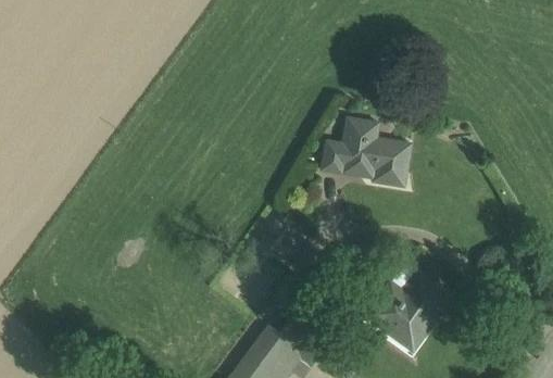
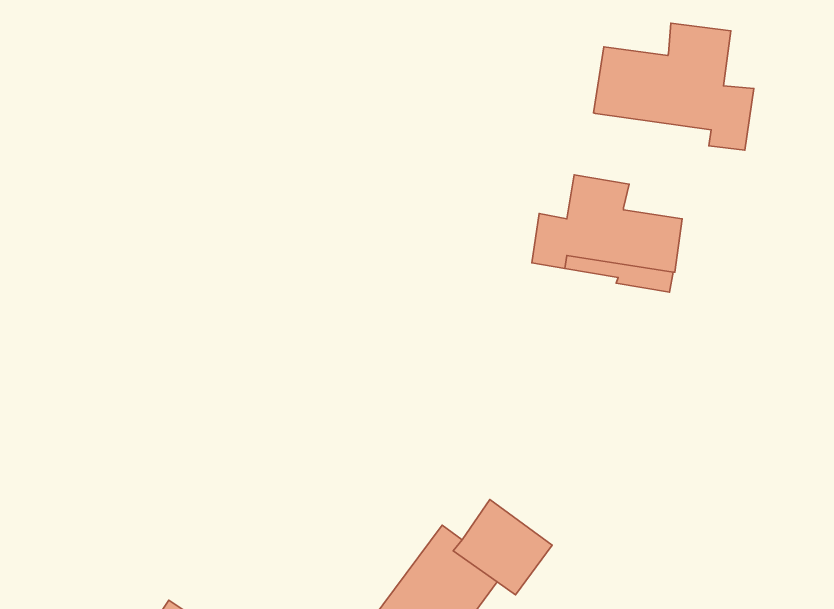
building: none -> [594,23,754,150]
building: [369,270,450,345] -> none

